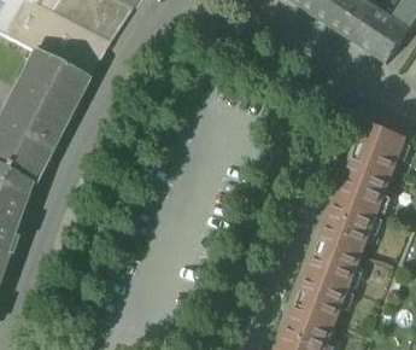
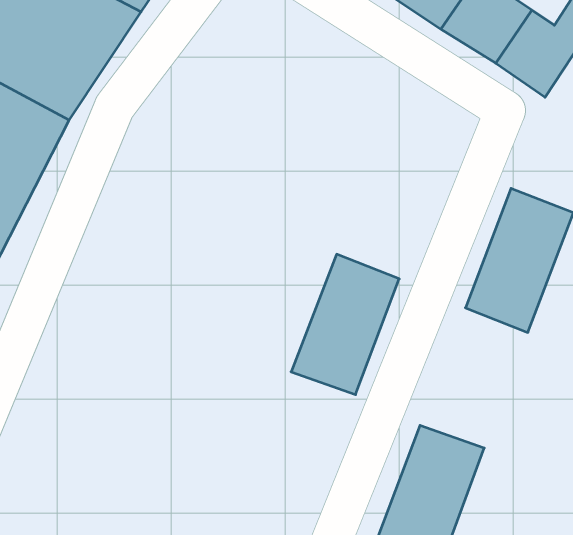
building: [307,197,376,286] -> [291,254,399,395]

